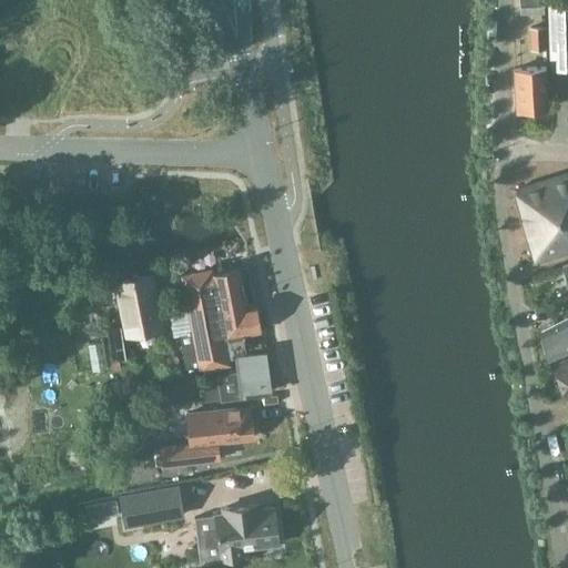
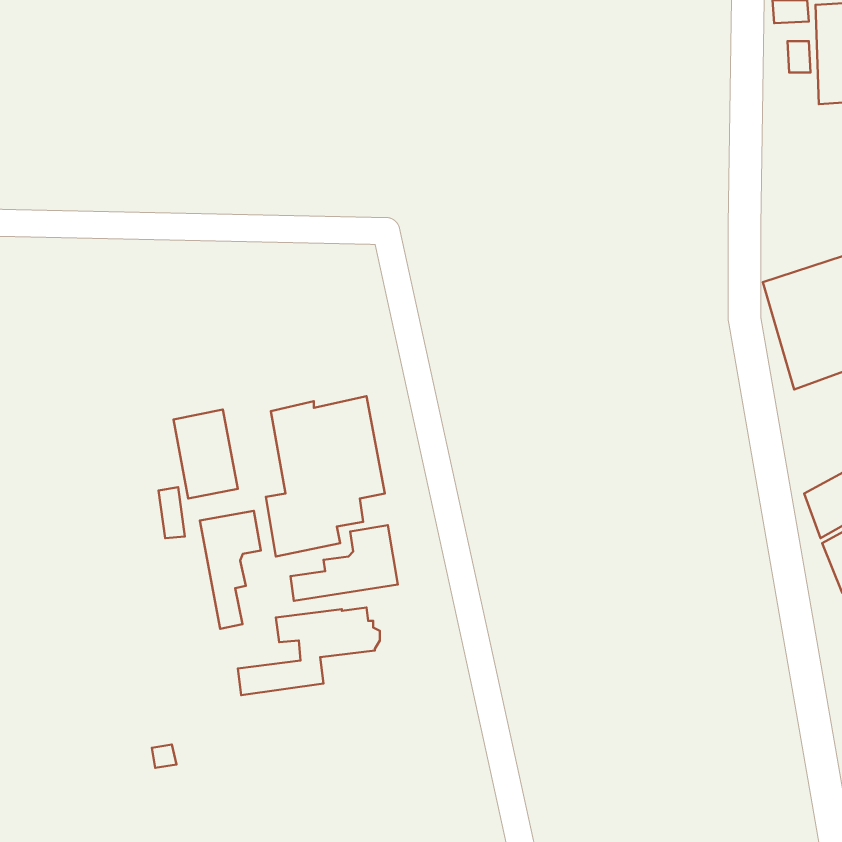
building: [516,68,548,112] -> none
building: none -> [200,511,261,629]
building: [121,487,183,526] -> none
building: [194,506,280,562] -> none

